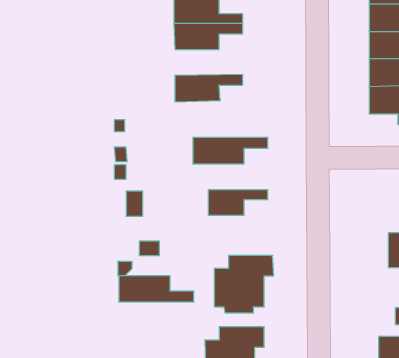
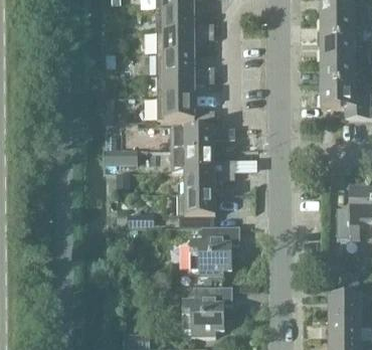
building: none -> [157,53,214,75]
building: none -> [157,97,215,120]
building: none -> [178,193,215,216]
building: [119,276,194,302] -> [172,150,235,172]

